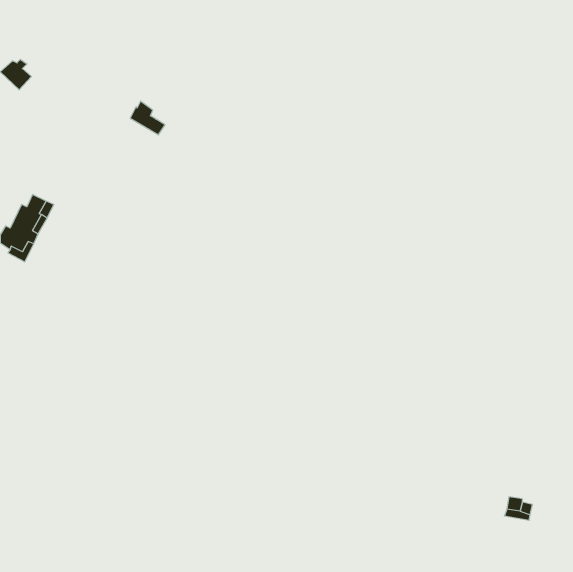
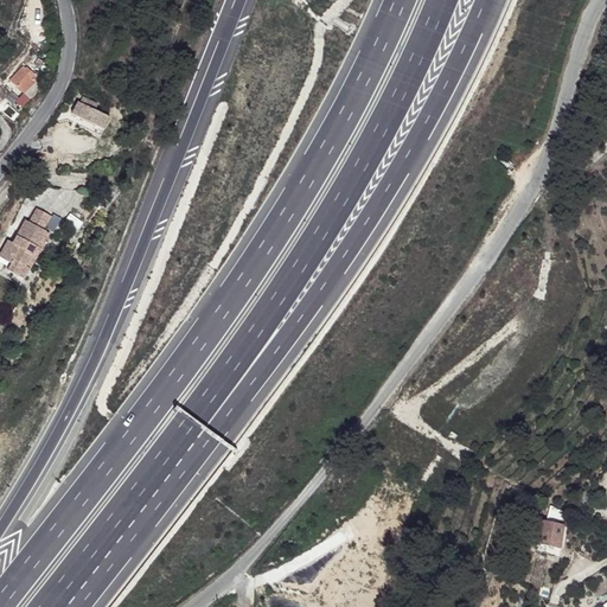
building: [130,101,165,135] -> [74,94,110,129]

